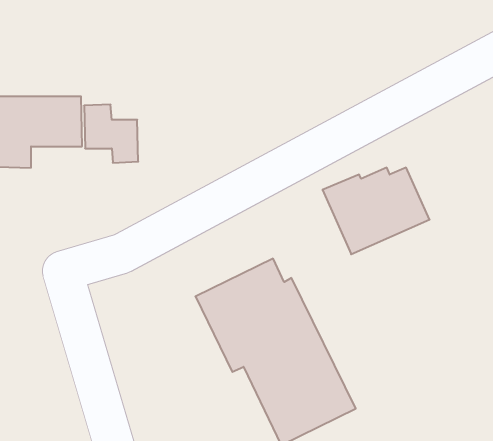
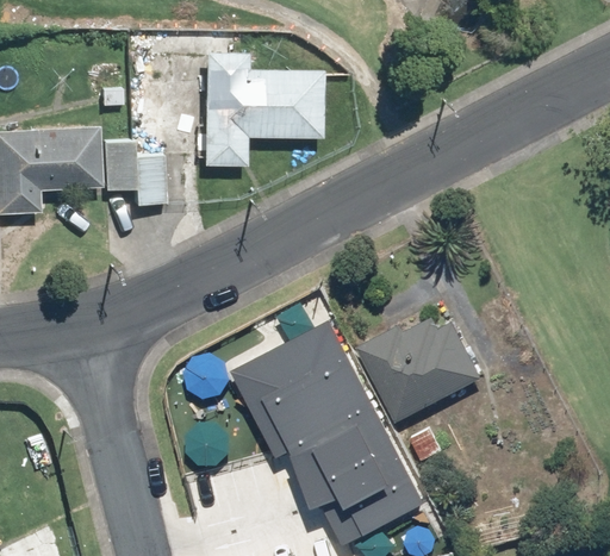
building: none -> [203,52,323,167]
building: [322,168,430,254] -> [359,318,484,419]

